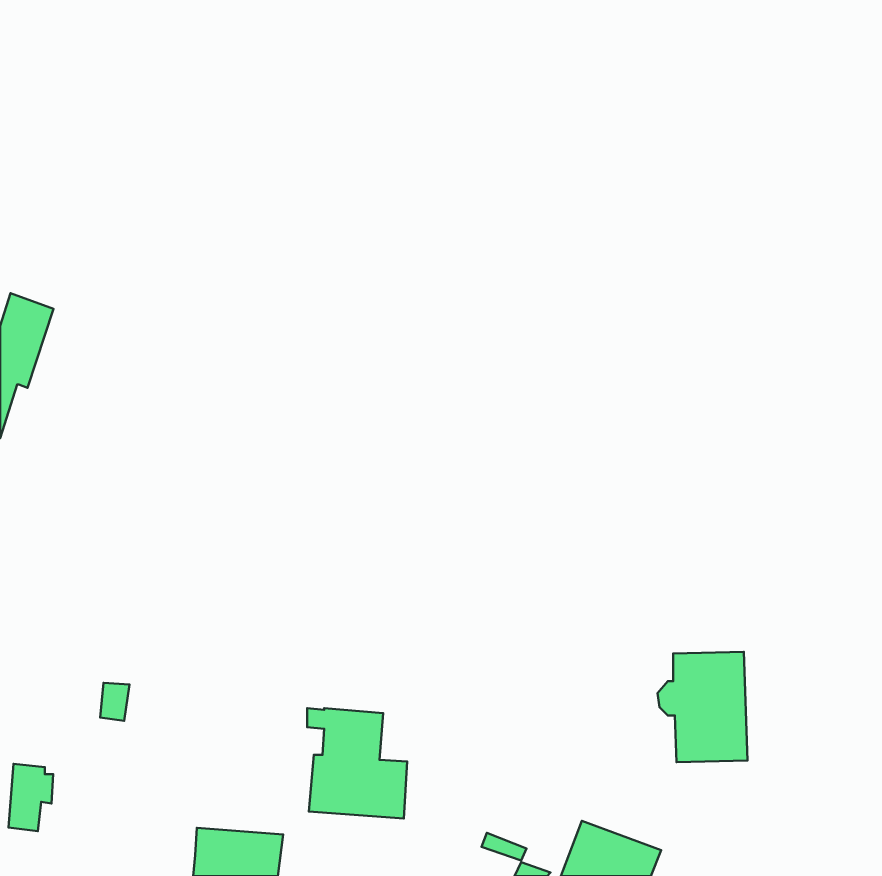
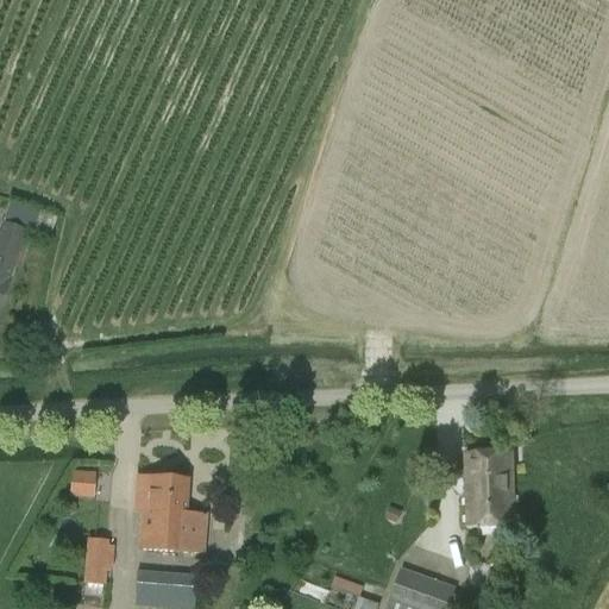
building: [307,708,407,818] -> [136,476,205,552]
building: [8,764,53,831] -> [82,538,113,584]

